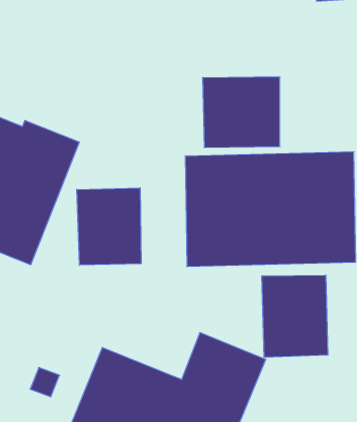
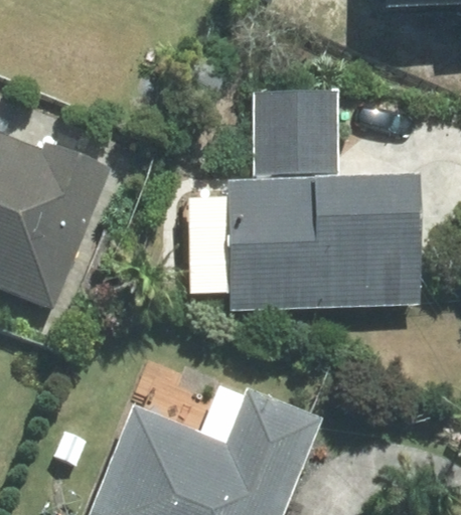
building: [77,188,141,265] -> none
building: [262,275,328,358] -> none

